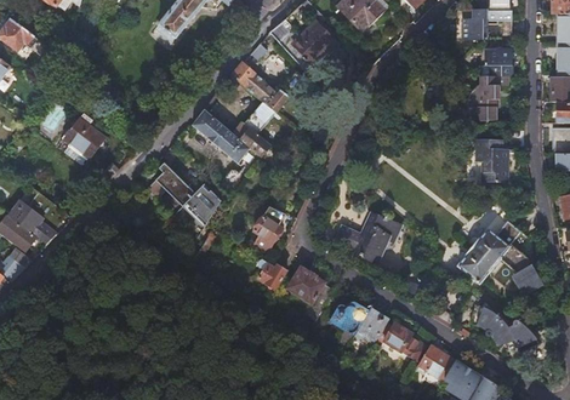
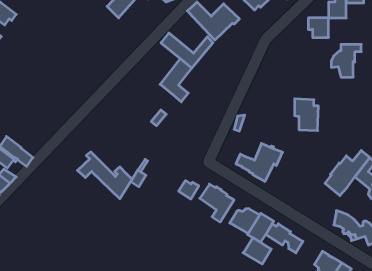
building: [484,50,512,76] -> [308,18,329,37]
building: [193,109,250,160] -> none
building: [61,119,104,158] -> none
building: [477,139,509,183] -> [295,99,318,131]
building: [146,162,221,227] -> [77,152,132,199]
building: [253,206,285,253] -> none
building: [416,344,455,381] -> [243,238,271,264]

